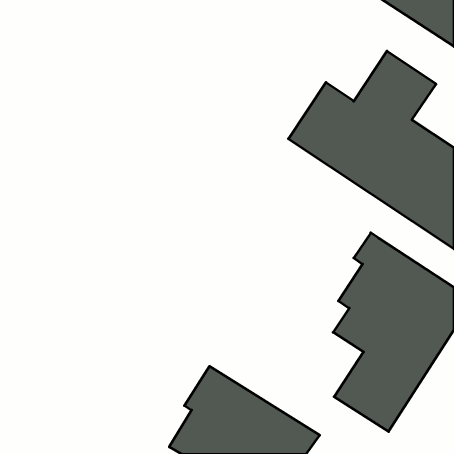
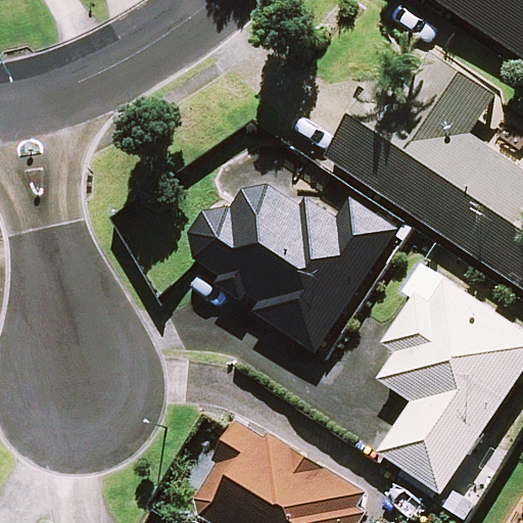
building: none -> [188,187,398,351]

